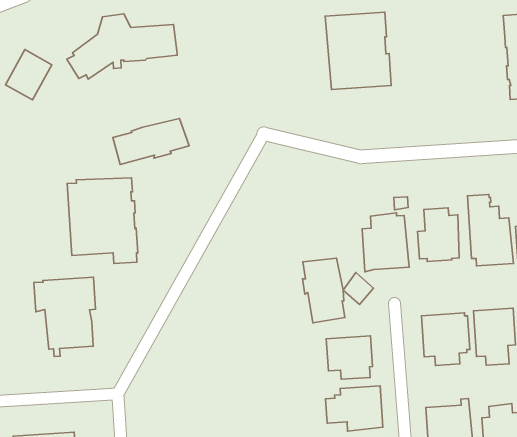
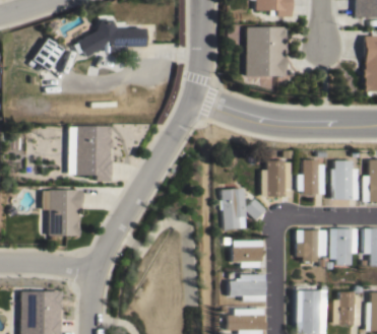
building: [113,118,189,165] -> none

